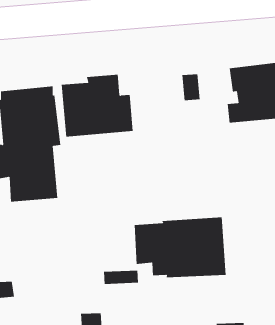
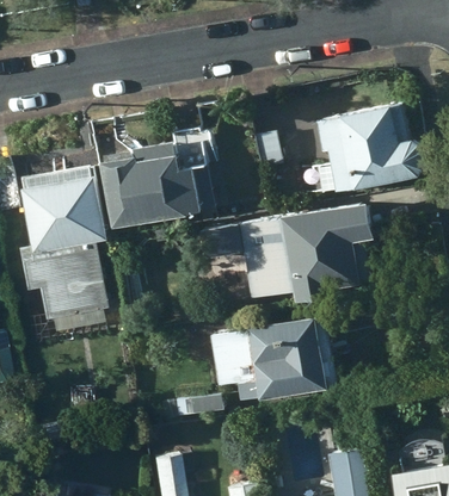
building: none -> [226,202,373,303]

